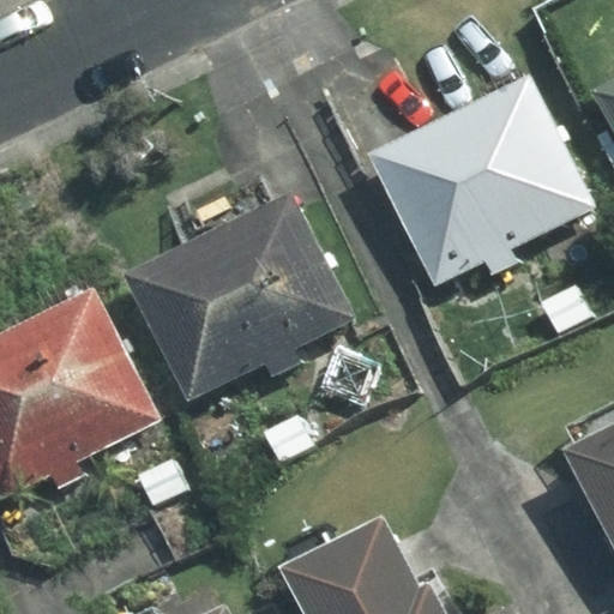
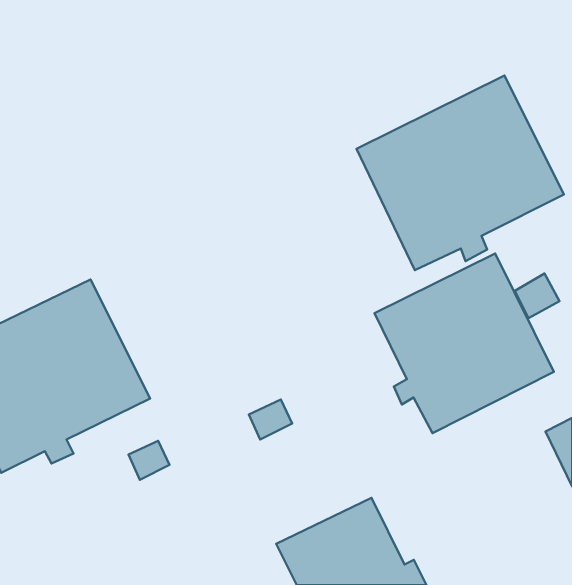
building: [126,194,351,398] -> none
building: none -> [374,254,554,433]

